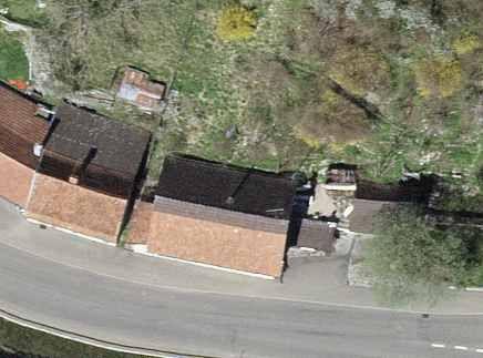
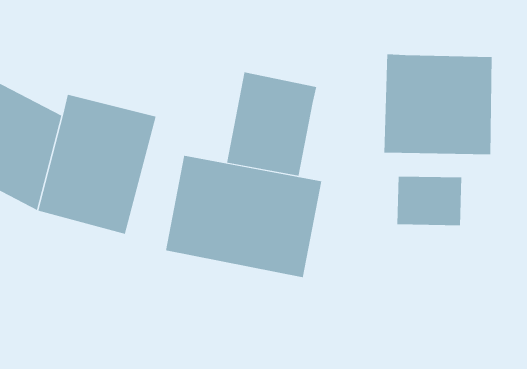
building: none -> [384,54,492,155]
building: none -> [227,71,317,177]

